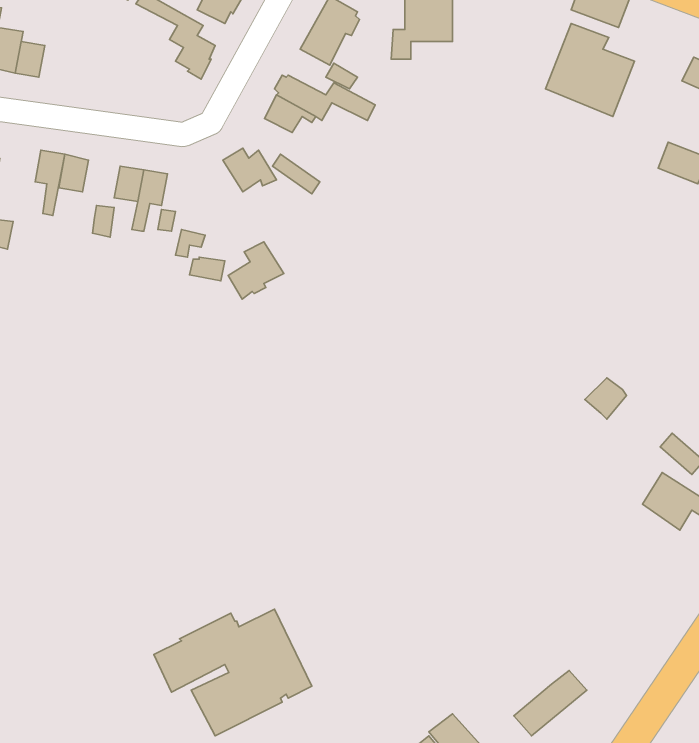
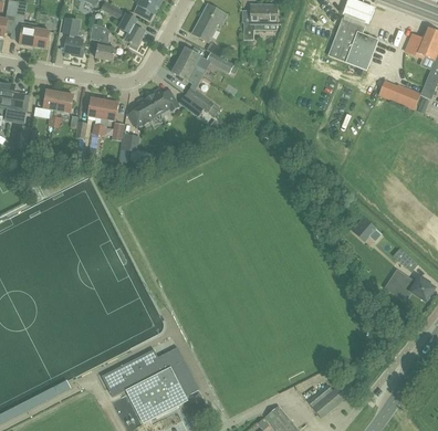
building: none -> [60,18,84,56]
building: none -> [90,23,114,61]
building: [228,242,284,299] -> [128,95,159,127]

